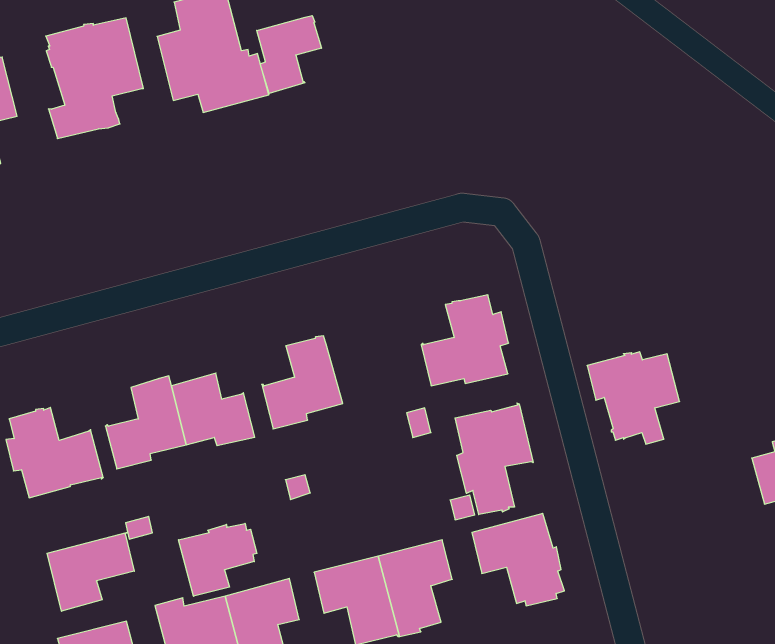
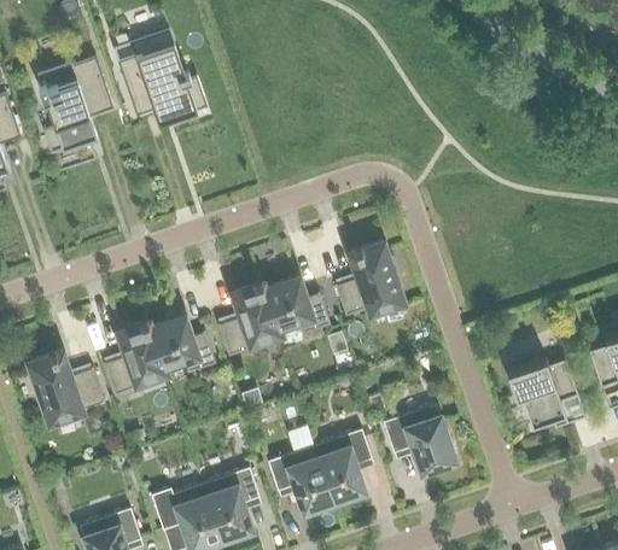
building: [257,16,321,93] -> none
building: none -> [264,279,331,333]
building: [587,352,680,444] -> [507,358,578,427]
building: [455,403,533,515] -> none
building: [179,523,257,596] -> none
building: [47,532,134,611] -> none

